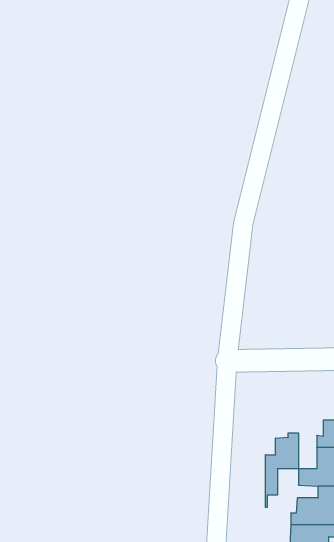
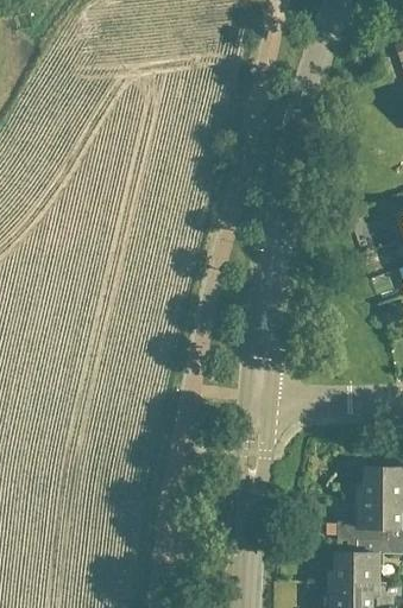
building: [265,433,298,507] -> none

